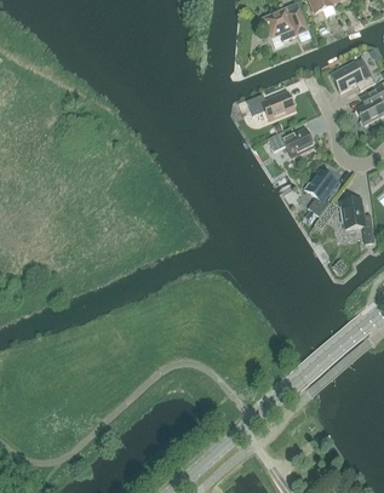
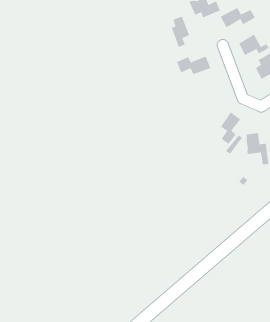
building: none -> [220,7,256,28]
building: none -> [171,16,190,48]
building: [266,130,313,155] -> none

